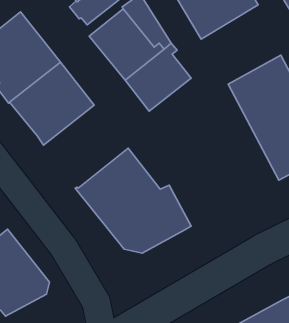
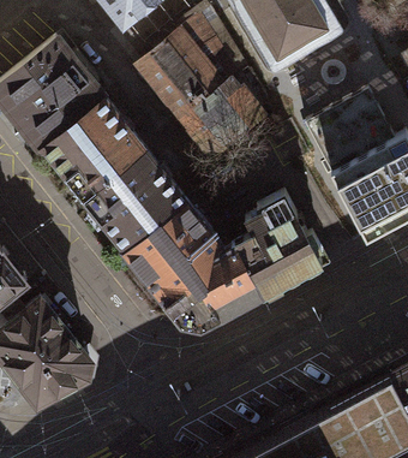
building: none -> [85,151,187,251]
building: none -> [236,196,324,301]

